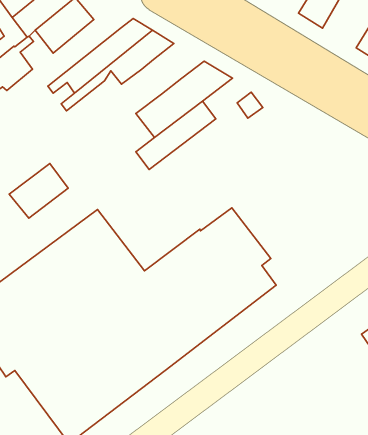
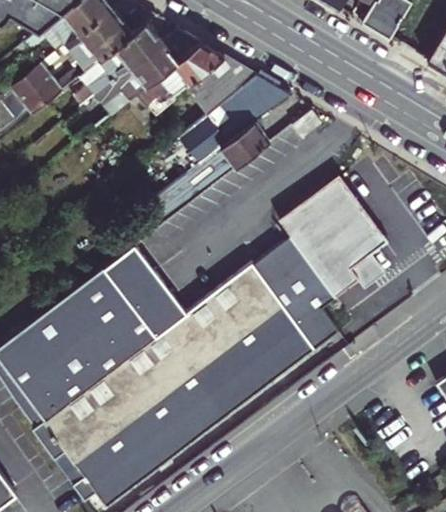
building: none -> [73,19,163,105]
building: none -> [186,57,256,114]
building: none -> [274,176,384,299]
building: [9,163,68,218] -> none

